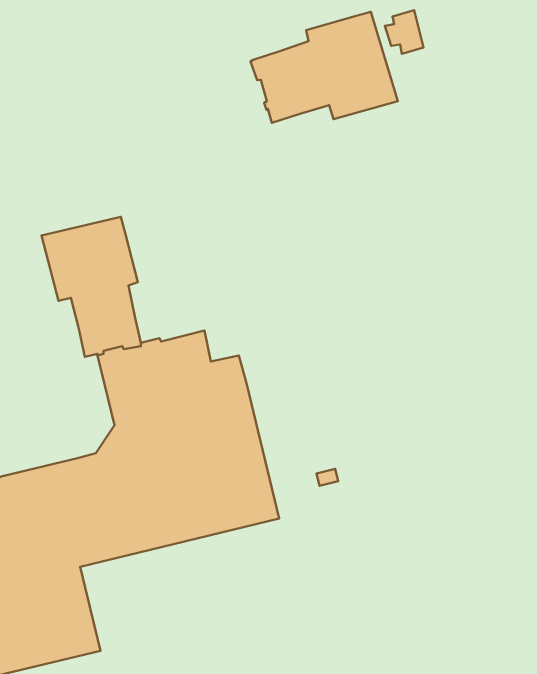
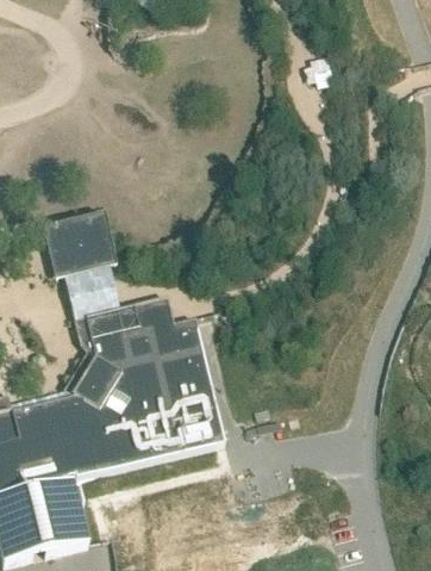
building: [251,12,398,123] -> none

